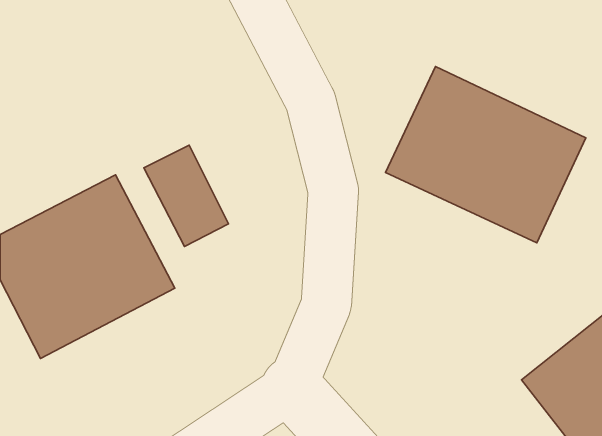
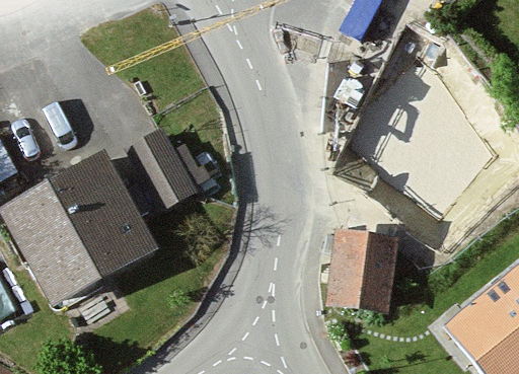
building: none -> [327,228,398,312]

